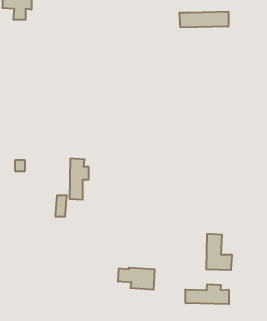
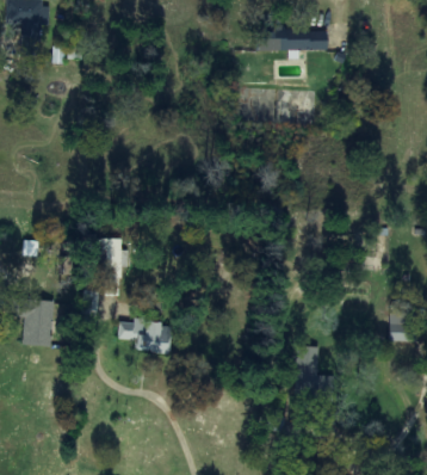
building: none -> [8,298,54,345]
building: [118,268,155,290] -> [118,320,171,351]
building: [185,284,229,304] -> none

